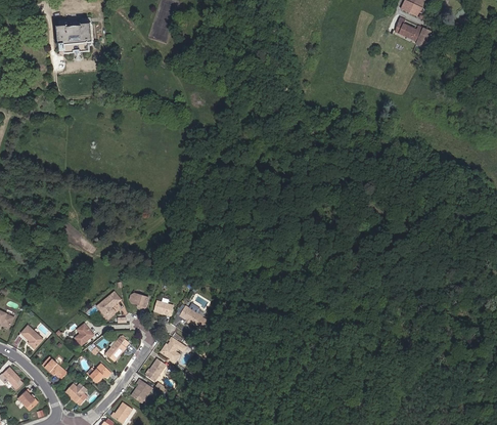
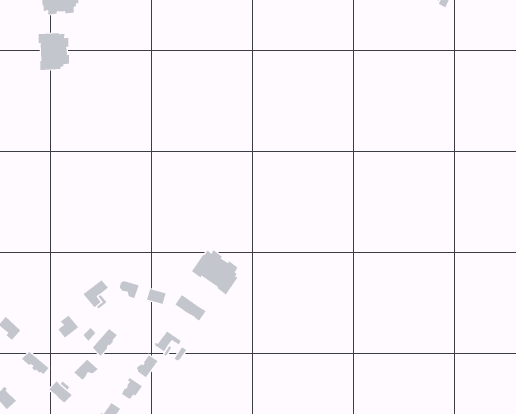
building: none -> [38,32,70,71]
building: none -> [191,249,238,295]

